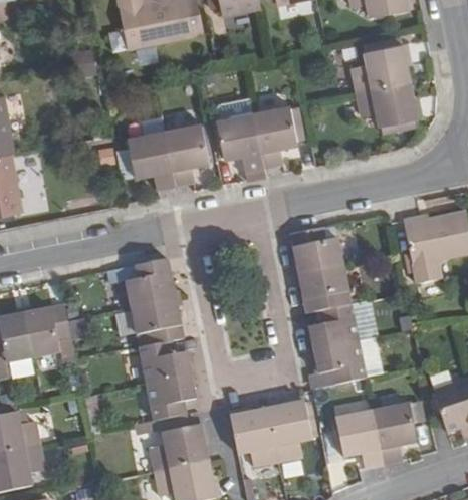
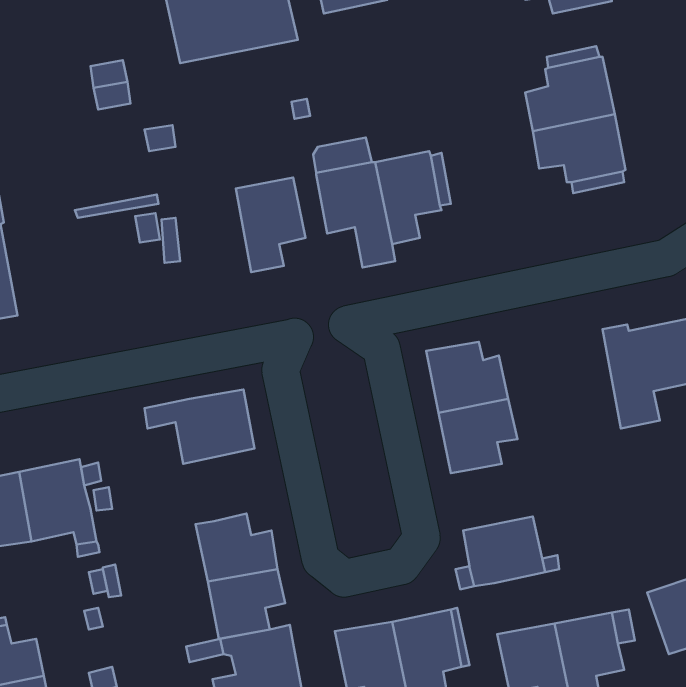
building: [128,129,175,186] -> none
building: [131,297,185,344] -> none
building: [307,305,358,350] -> none

